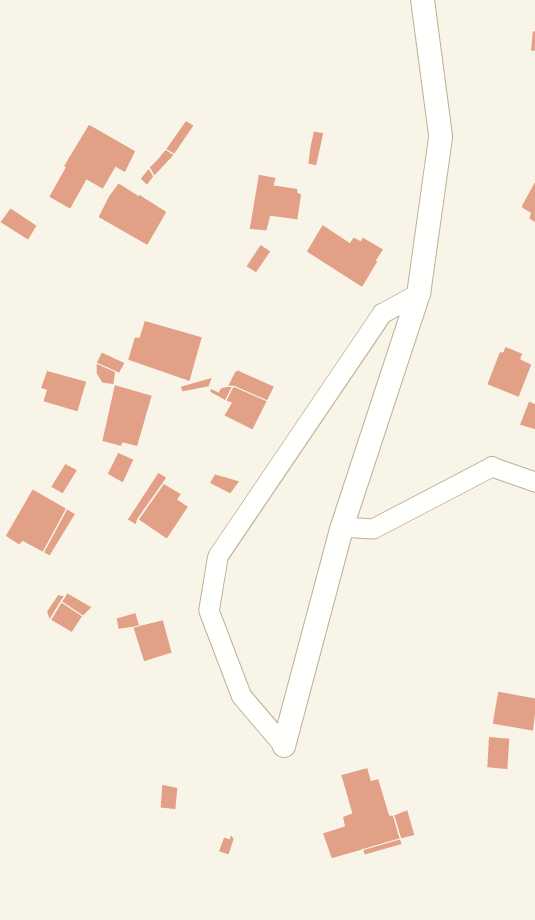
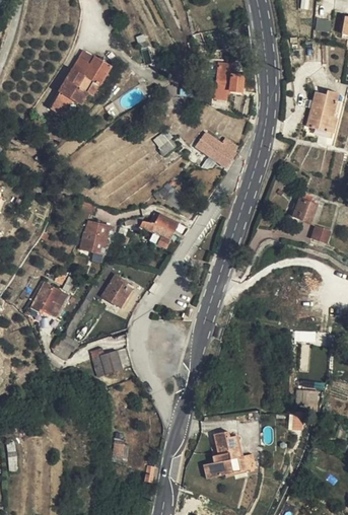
building: [249,174,302,231] -> [210,63,239,94]
building: [98,182,167,246] -> [72,53,111,88]
building: [127,320,203,382] -> none
building: [40,370,87,412] -> none

